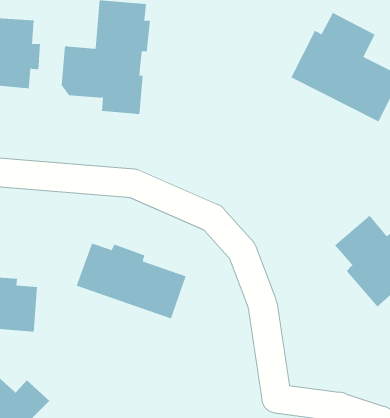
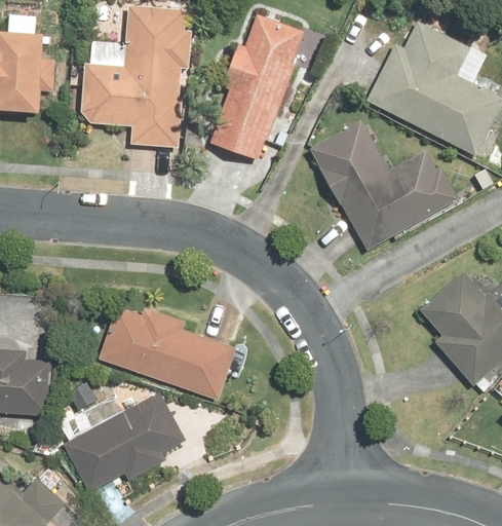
building: none -> [209,13,305,159]
building: none -> [311,120,458,249]
building: none -> [63,391,187,493]

